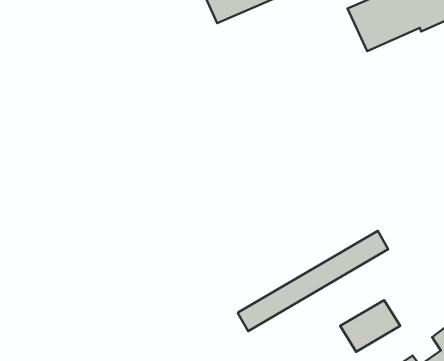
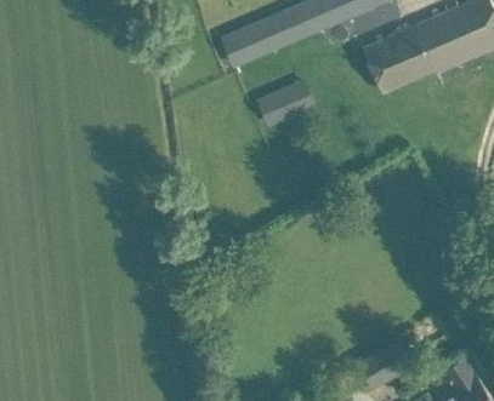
building: none -> [256,79,316,126]
building: [238,231,388,331] -> none

